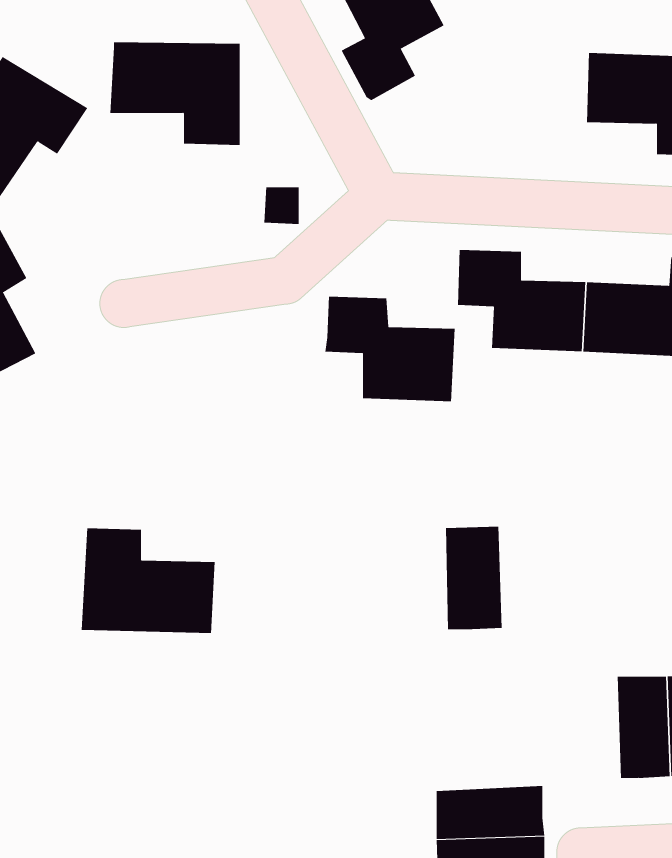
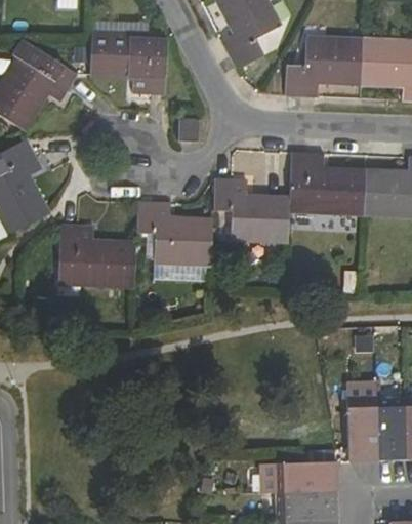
building: none -> [285,39,363,96]
building: none -> [136,202,212,263]
building: [445,526,503,630] -> [348,398,381,457]
building: [81,528,215,634] -> [59,226,136,286]

